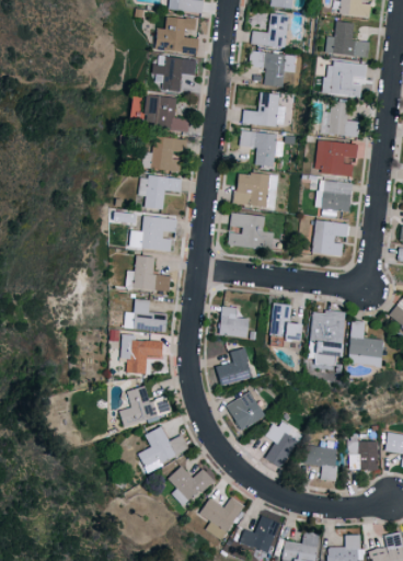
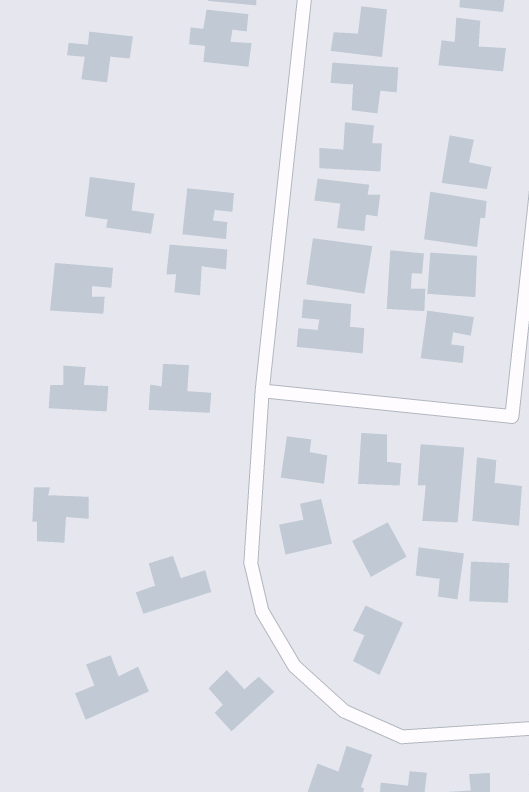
building: [151,57,197,92] -> [66,31,134,83]
building: [323,61,367,96] -> none
building: [141,94,189,134] -> [84,176,155,234]
building: none -> [386,249,426,312]
building: [134,216,177,251] -> [49,263,114,314]
building: [125,299,166,331] -> [48,365,109,412]
building: [124,335,163,374] -> [31,487,89,543]
building: [227,392,265,431] -> [351,521,408,578]
building: [138,427,189,472] -> [74,655,150,721]
building: [350,442,379,470] -> [468,561,510,603]
building: [306,445,339,481] -> [415,547,465,600]
building: [198,497,244,540] -> none

